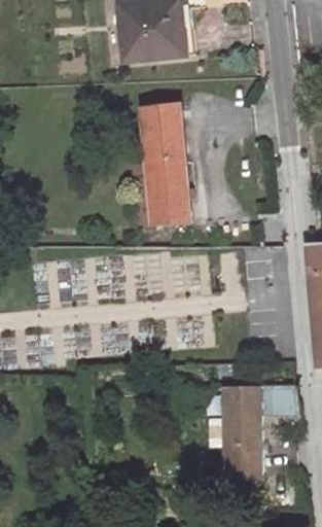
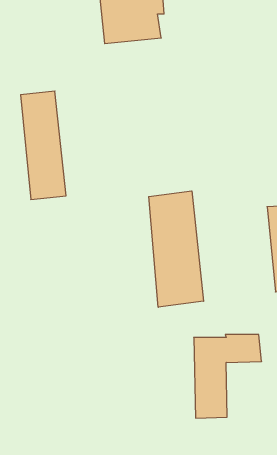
building: [140,104,190,224] -> [21,91,66,199]
building: none -> [149,191,204,307]

